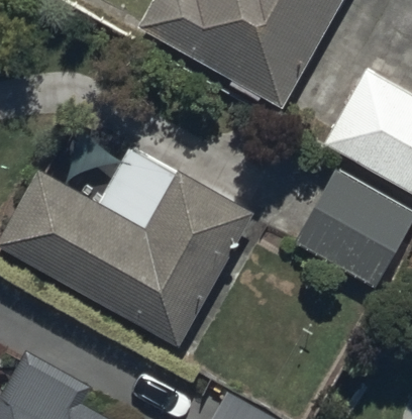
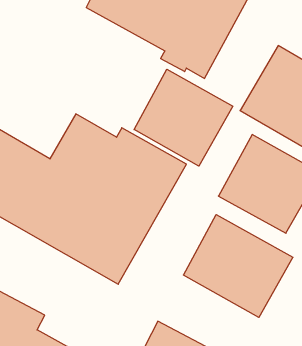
building: none -> [134,69,233,166]
building: none -> [183,215,293,317]

